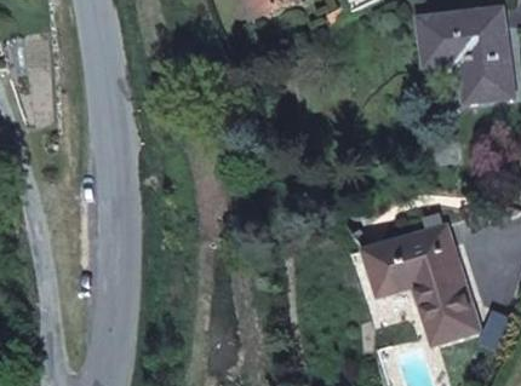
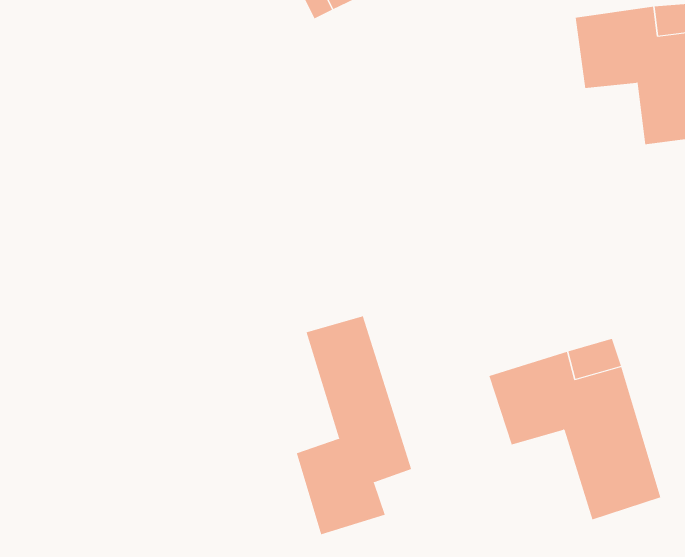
building: none -> [296,315,412,535]

